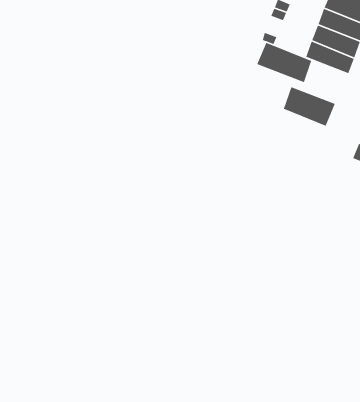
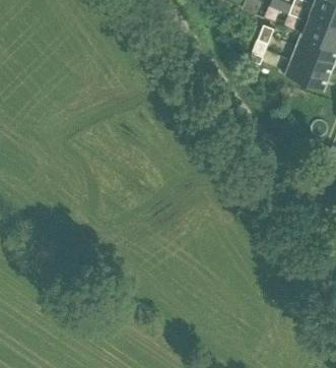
building: [256,42,312,83] -> none
building: [283,86,336,127] -> none

